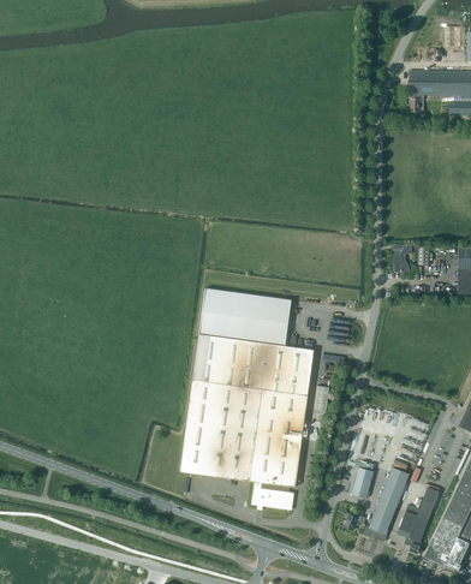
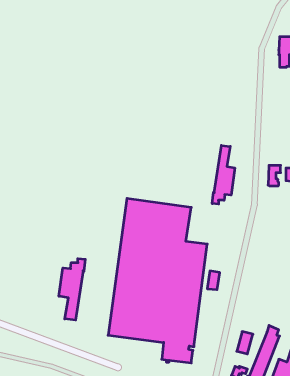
building: none -> [212,145,235,204]
building: none -> [59,259,85,320]

